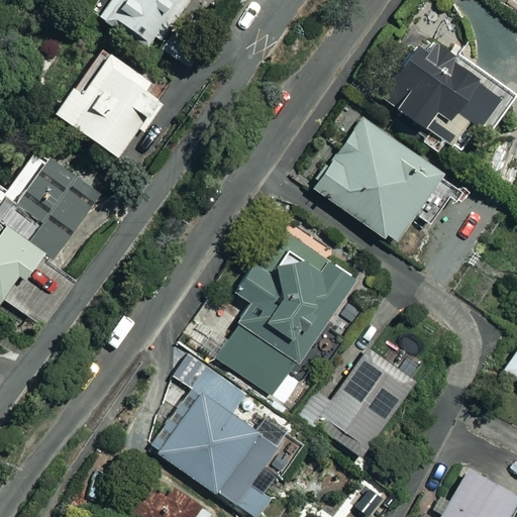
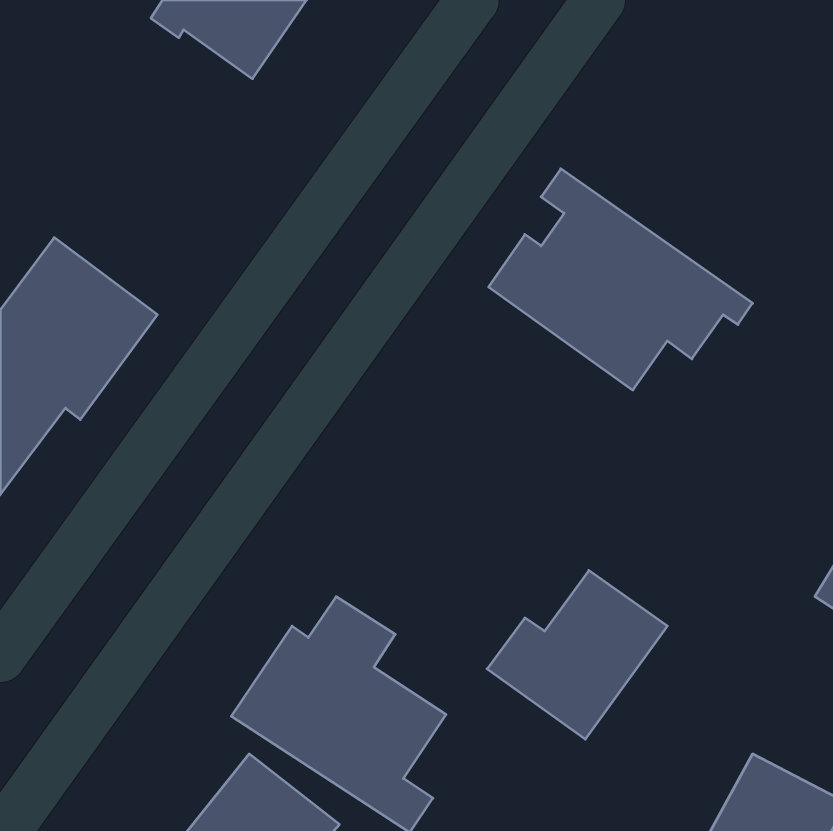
building: [380,34,490,146] -> none
building: [54,51,166,159] -> none
building: [216,236,354,396] -> none

